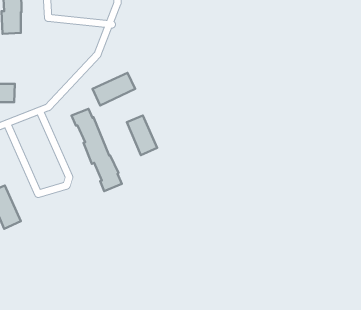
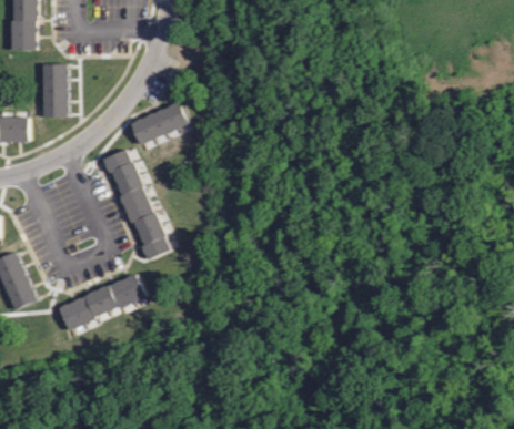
building: none -> [43,63,67,116]
building: [127,115,157,155] -> none
building: none -> [58,273,145,331]

